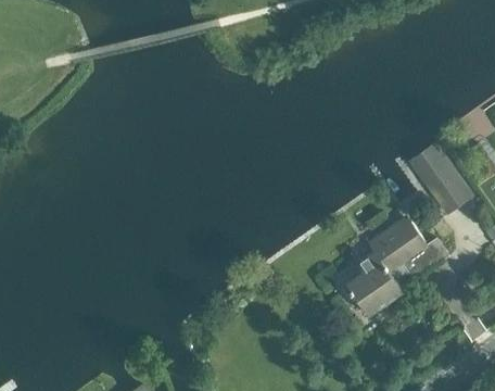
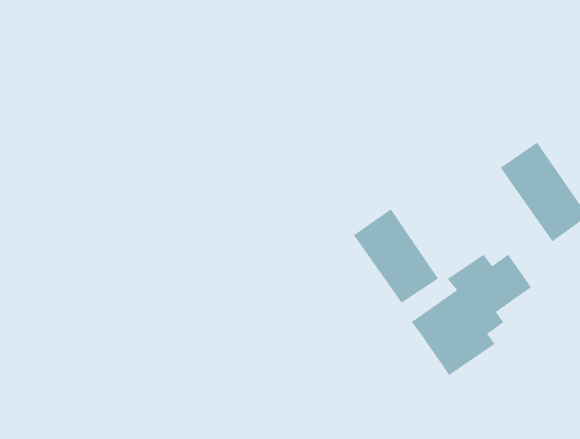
building: none -> [353,209,439,304]

